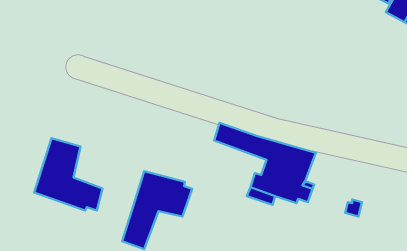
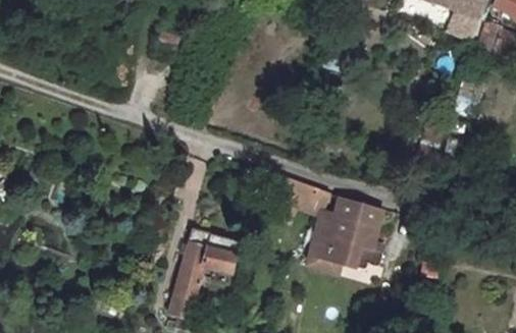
building: [34,138,103,210] -> none

